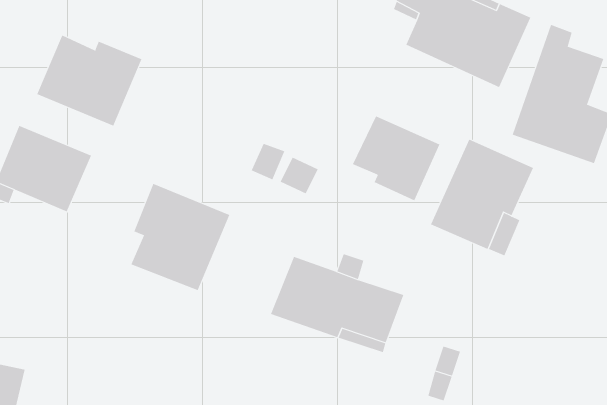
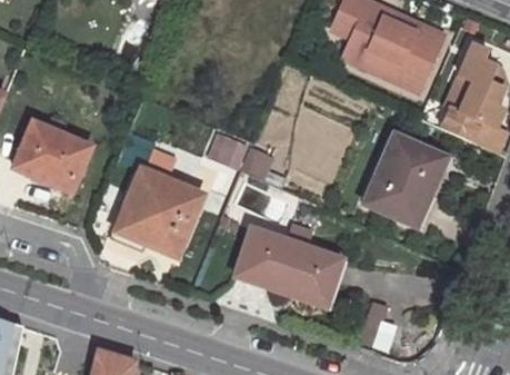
building: [37,35,142,127] -> none
building: [352,115,440,201] -> none

